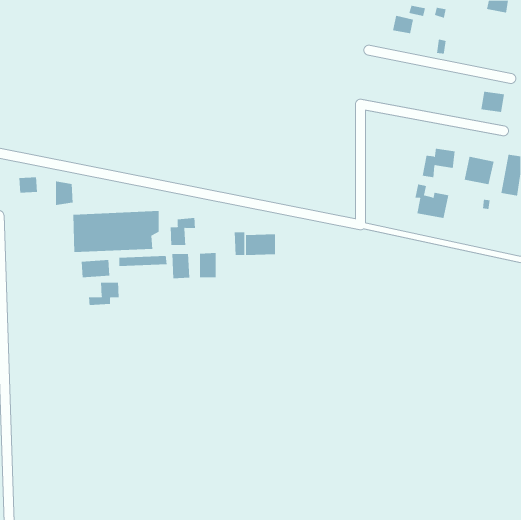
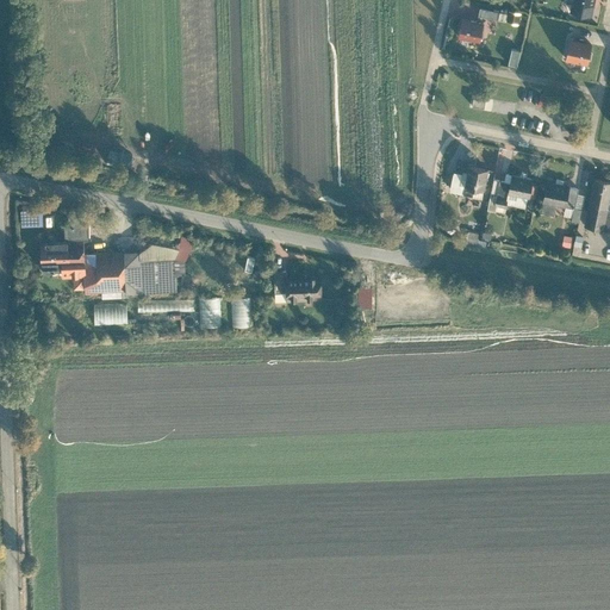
building: [480,91,505,113] -> [562,41,591,66]
building: [414,184,449,219] -> [446,158,486,199]
building: none -> [42,243,85,278]
building: [170,217,196,246] -> none
building: [89,282,119,306] -> none

